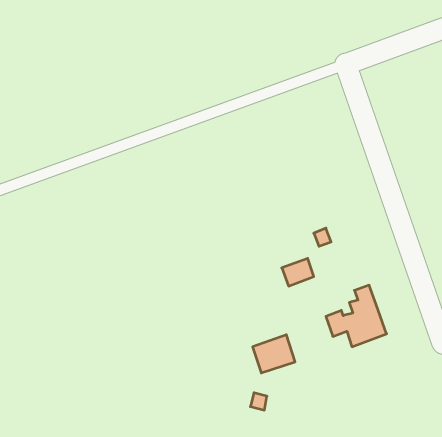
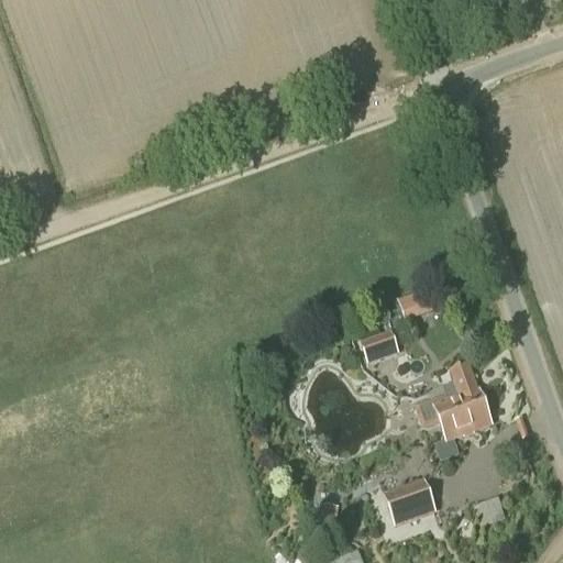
building: [253,335,295,373] -> [383,476,437,525]

